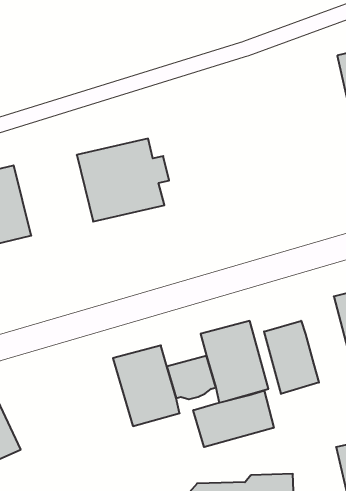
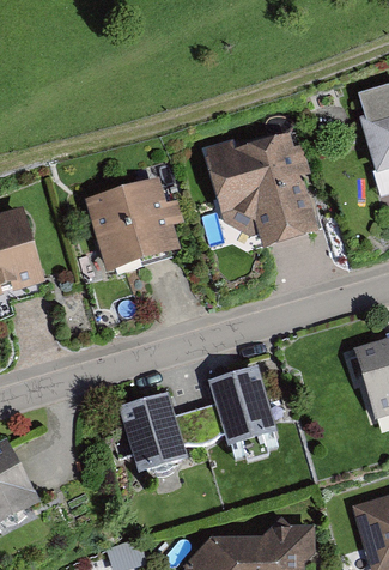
building: none -> [205,134,314,242]
building: [264,321,319,394] -> none
building: [193,390,274,447] -> none

